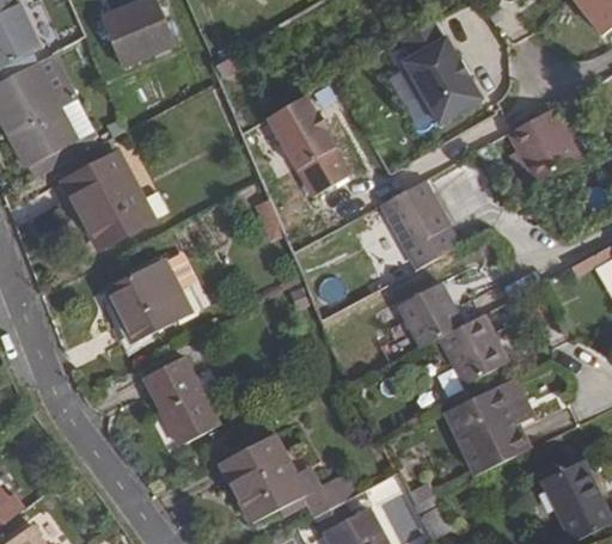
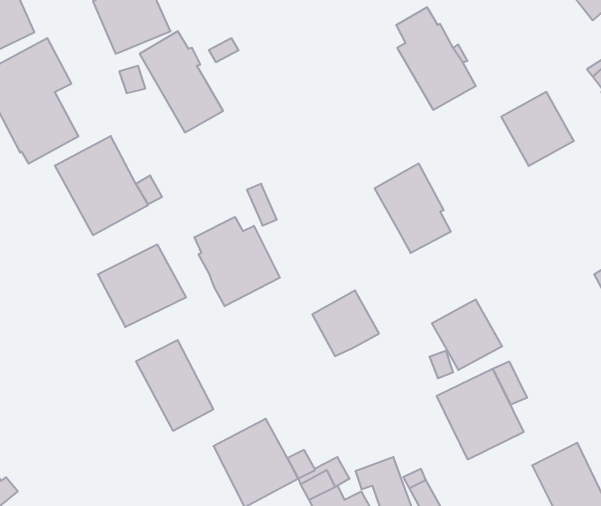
building: [267,96,350,197] -> [140,31,223,132]
building: none -> [194,217,280,306]
building: [398,282,465,348] -> [312,290,379,356]

